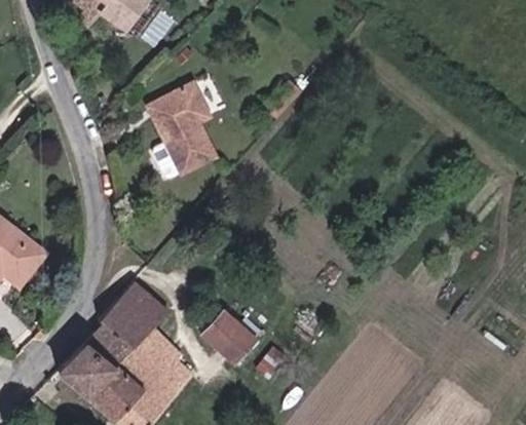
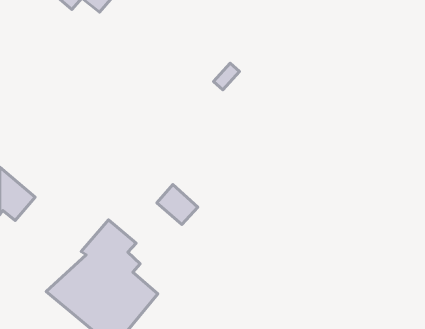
building: [146,87,213,178] -> none
building: [205,313,256,362] -> [157,185,198,225]

